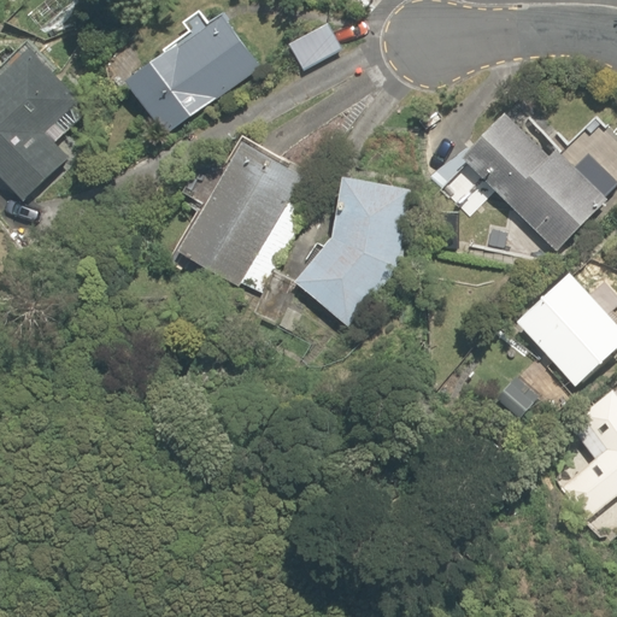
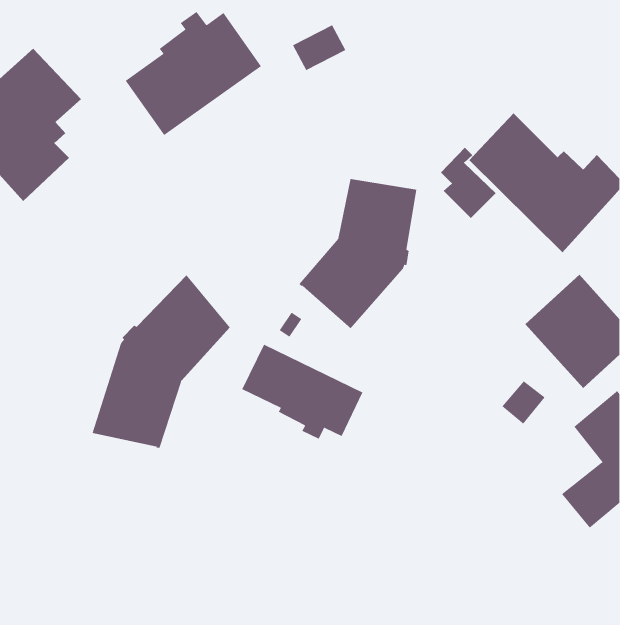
building: [180,141,307,292] -> none
building: none -> [92,275,231,449]
building: none -> [242,344,363,440]

